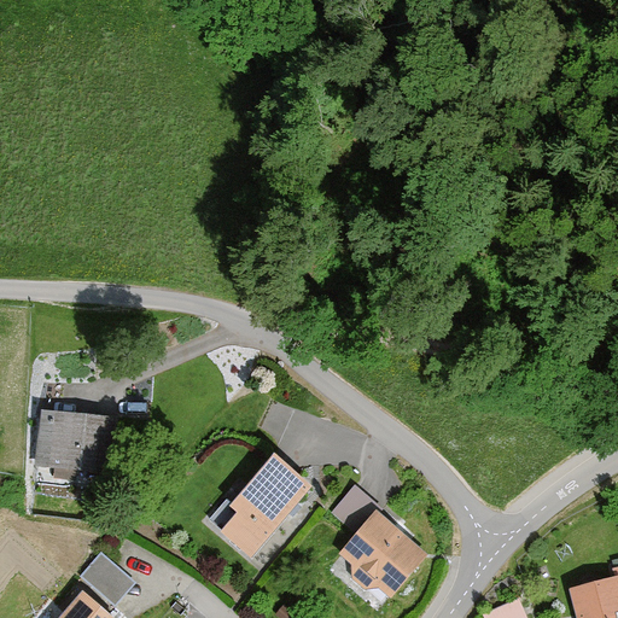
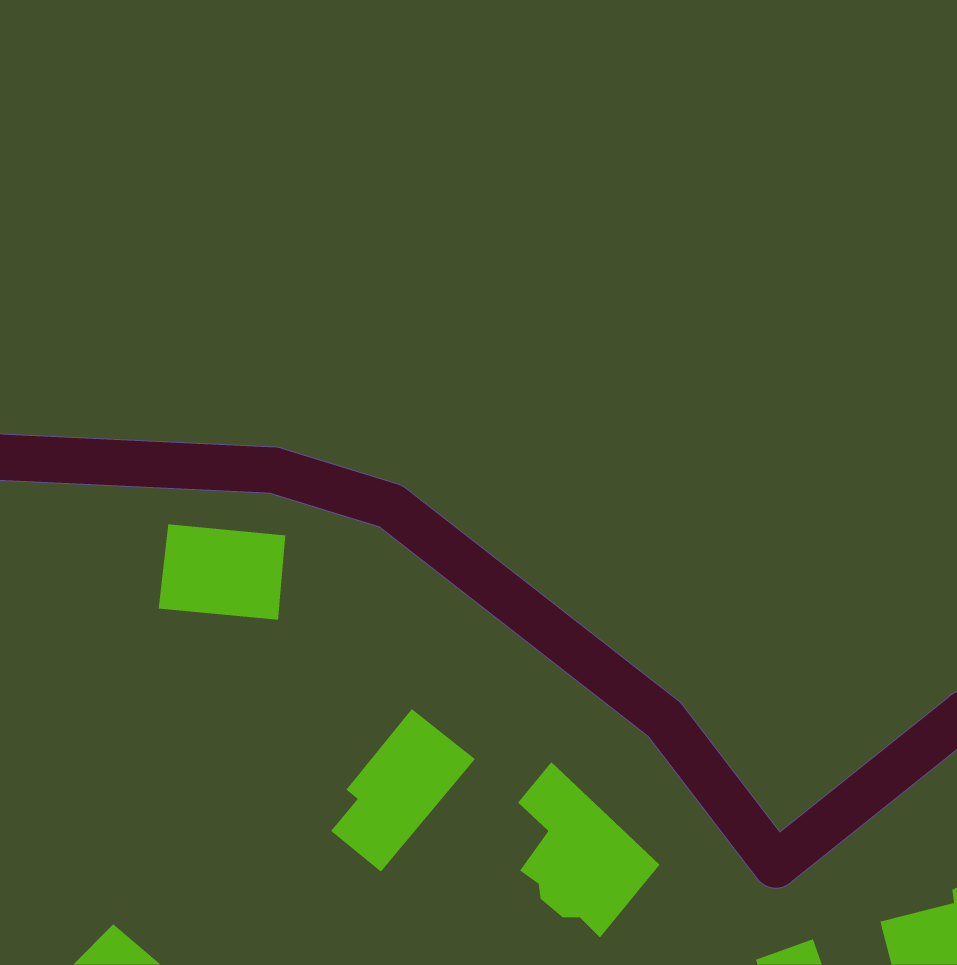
building: [40,412,122,473] -> [158,524,286,620]
building: [80,554,136,608] -> none

